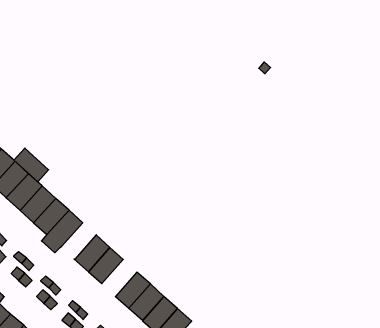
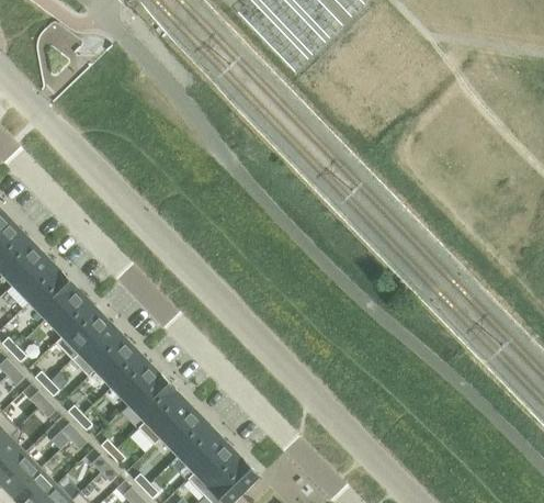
building: [14,148,49,182] -> none
building: none -> [94,340,141,387]
building: none -> [145,391,191,438]

